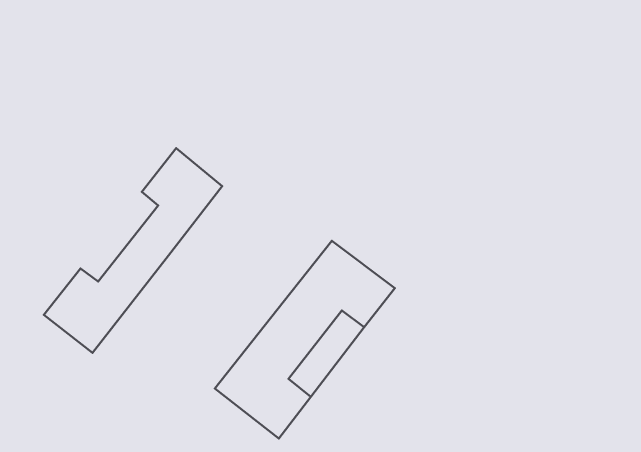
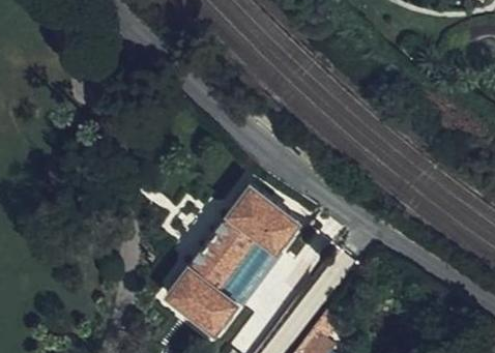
building: [44,148,222,353] -> none

